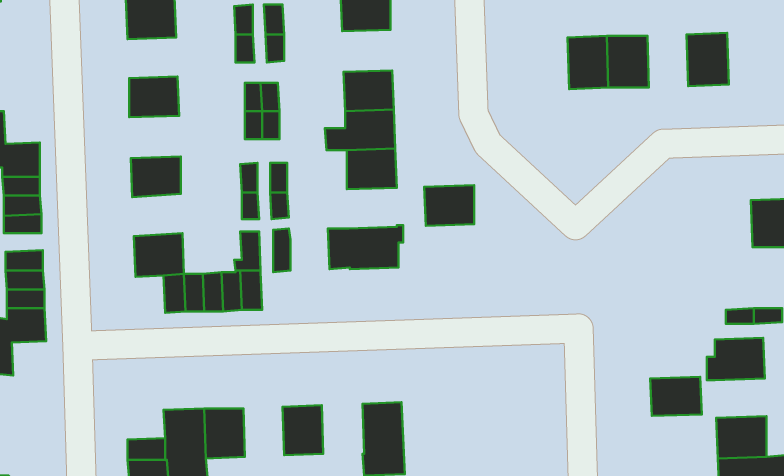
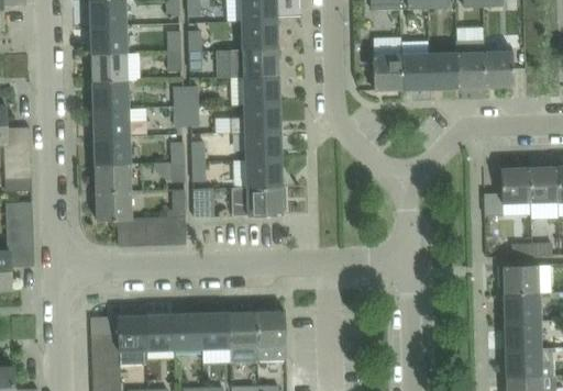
building: none -> [372,37,401,91]
building: none -> [454,40,485,89]
building: none -> [230,48,277,78]
building: none -> [91,54,126,82]
building: none -> [92,109,129,138]
building: [424,185,474,226] -> [245,159,280,188]
building: none -> [95,164,130,193]
building: none -> [483,168,530,216]
building: [650,377,702,416] -> [504,293,540,321]
building: none -> [228,311,257,346]
building: none -> [173,313,201,348]

